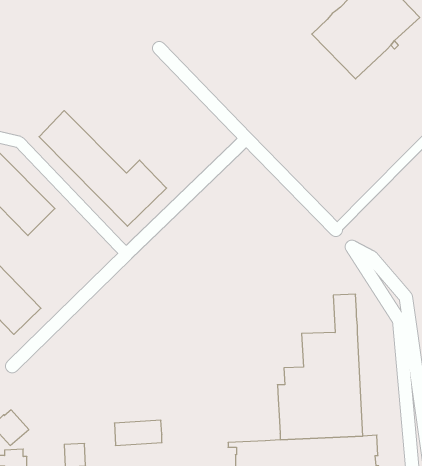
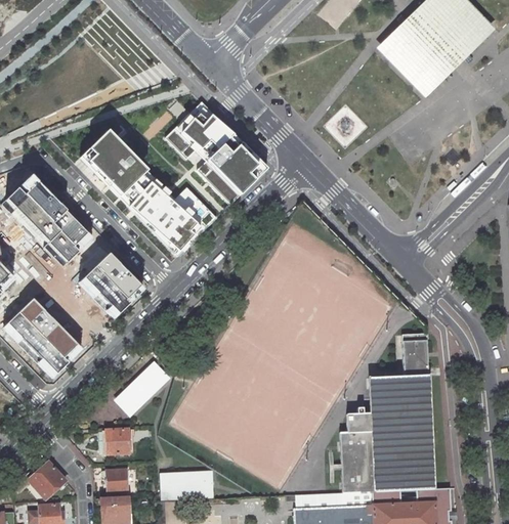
building: none -> [163,102,261,196]
building: none -> [82,255,140,313]
building: none -> [112,359,169,417]
building: none -> [104,430,131,453]
building: none -> [101,471,128,492]

